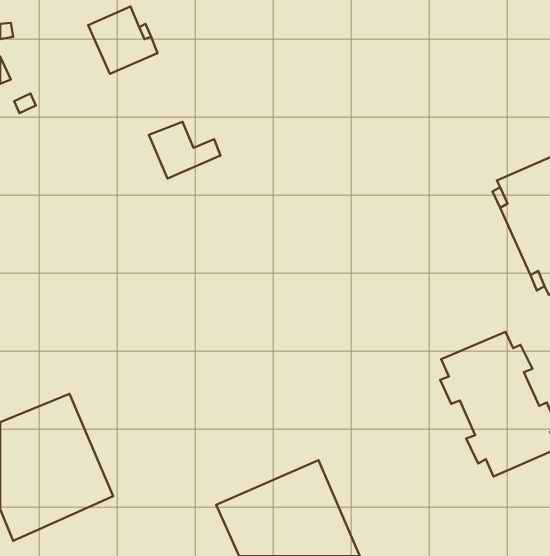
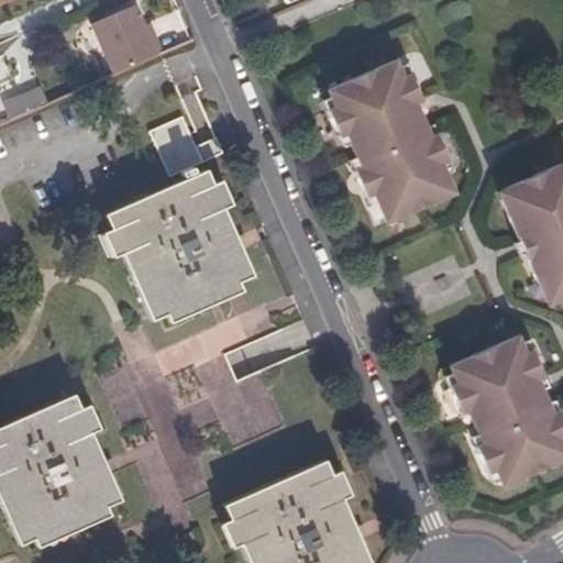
building: none -> [328,57,453,219]
building: none -> [107,174,254,324]

